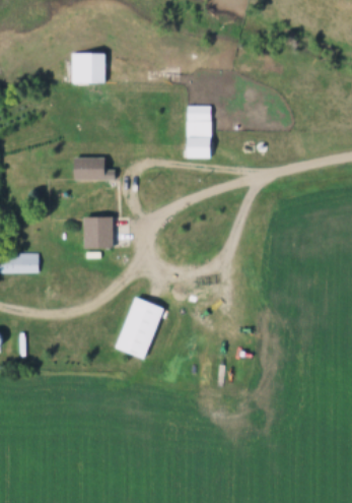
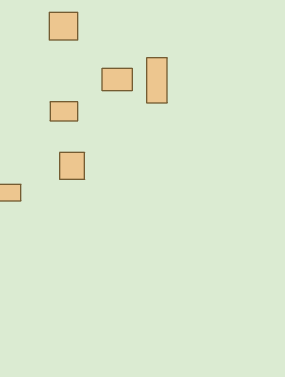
building: none -> [102,68,132,91]
building: [116,297,164,359] -> none

